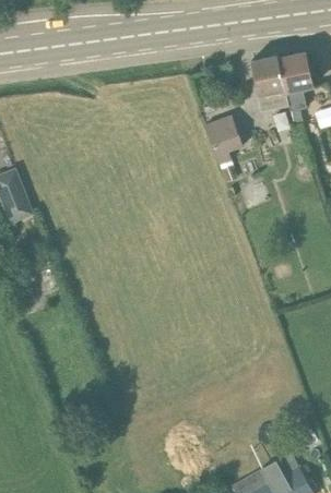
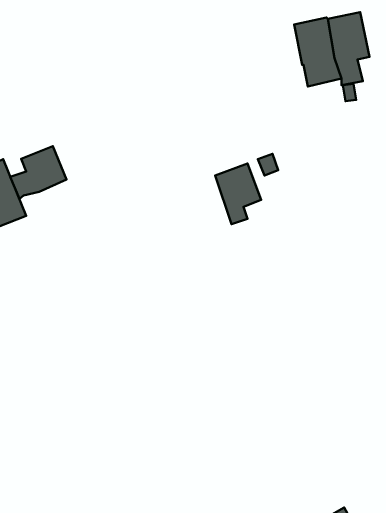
building: [205,117,243,166] -> [215,164,261,224]
building: none -> [10,146,66,199]

